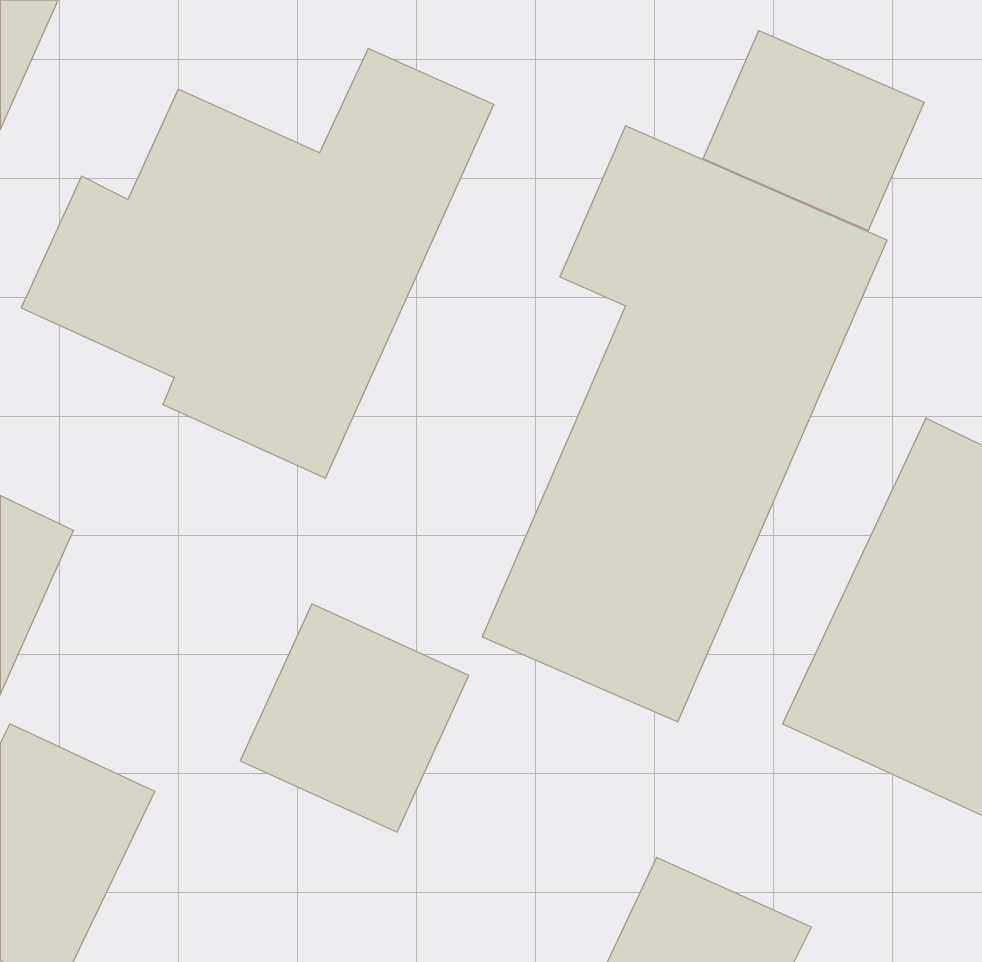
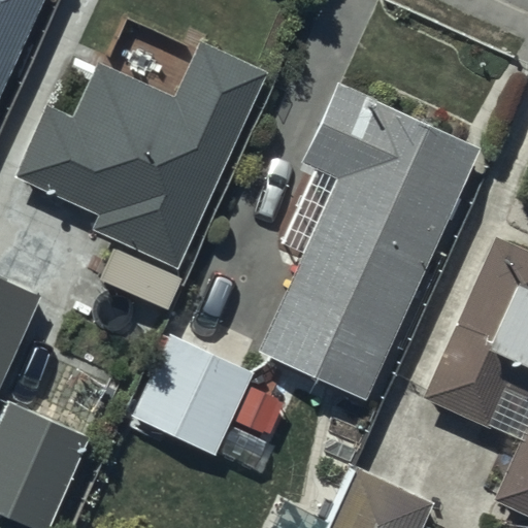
building: [703,31,924,231] -> none

